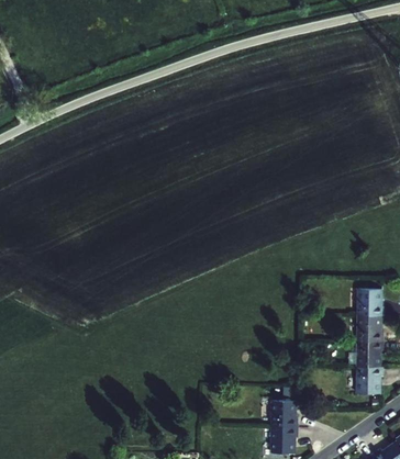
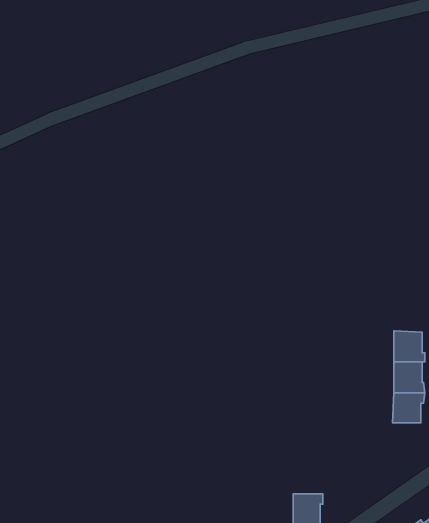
building: [356,368,382,394] -> none
building: [271,402,298,428] -> none

